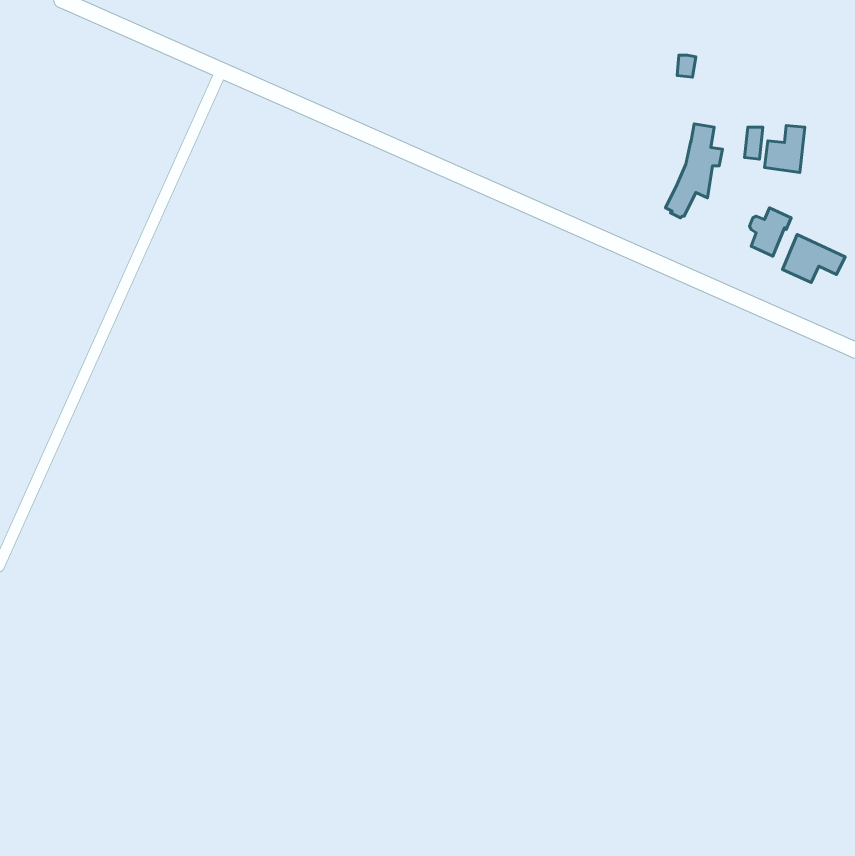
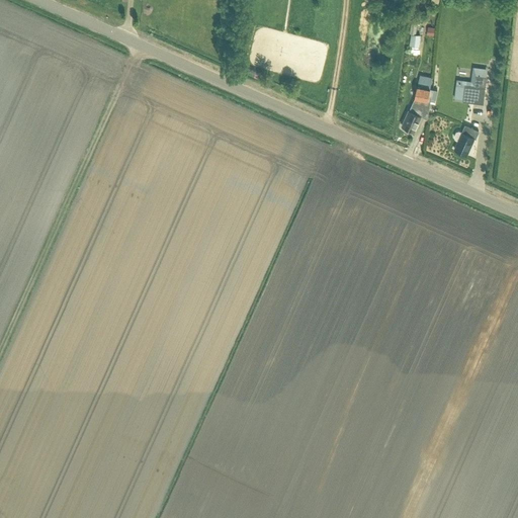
building: [782,235,845,282] -> none

